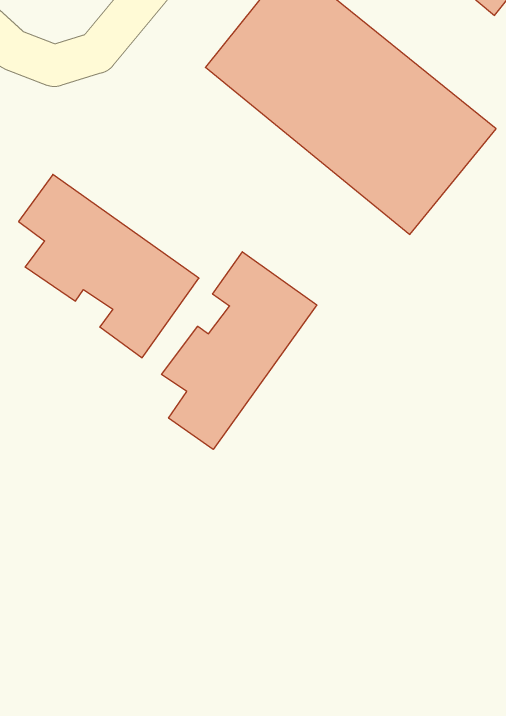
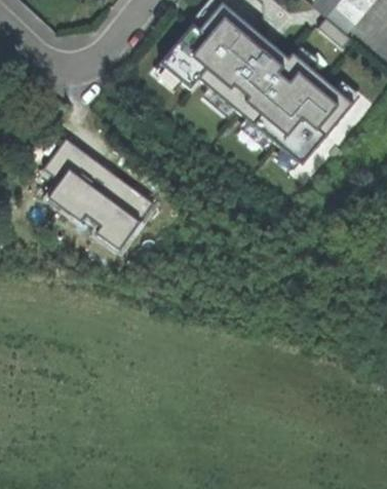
building: [162,252,317,449] -> none

